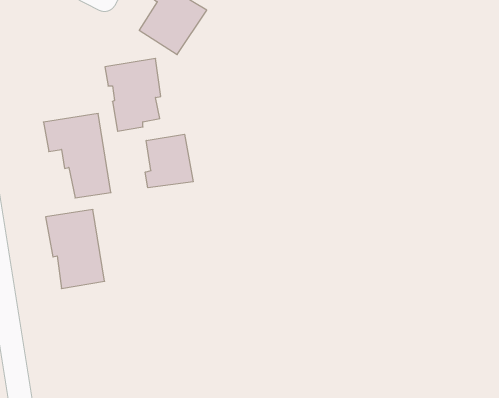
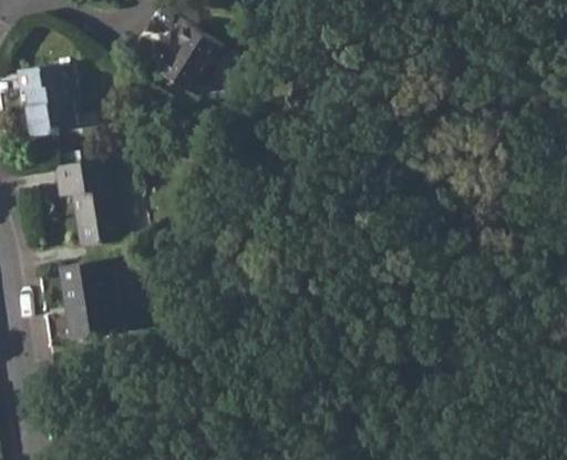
building: [105,58,161,131] -> [14,62,73,139]
building: [145,134,193,188] -> none

